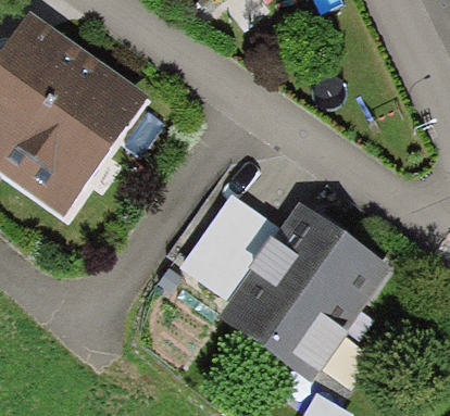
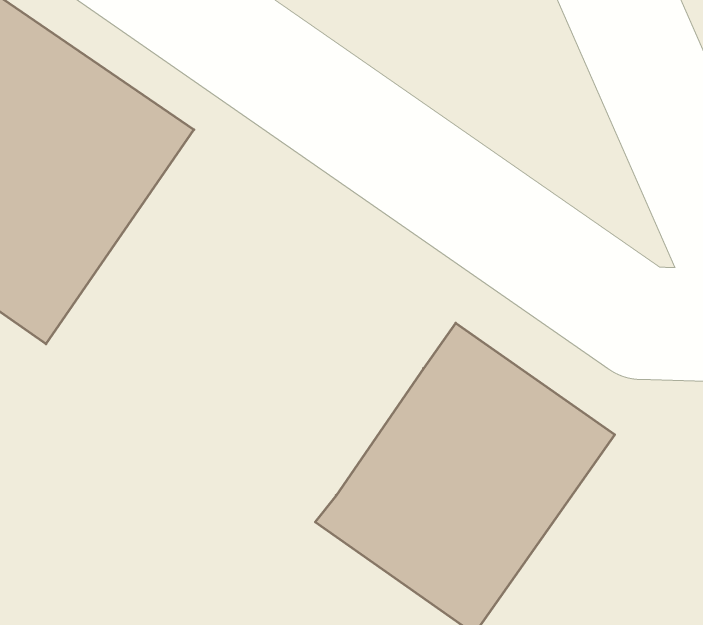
building: [179,194,282,303] -> none

